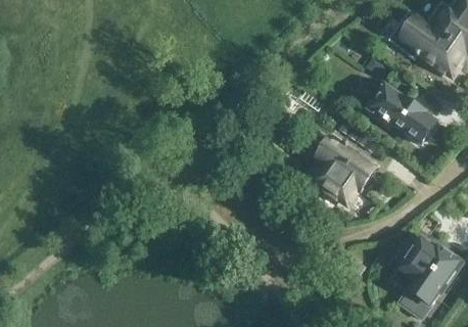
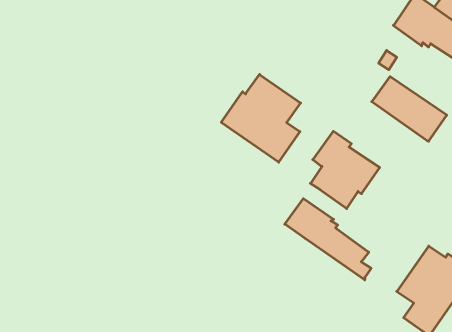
building: none -> [221,74,301,162]
building: none -> [285,199,371,280]

